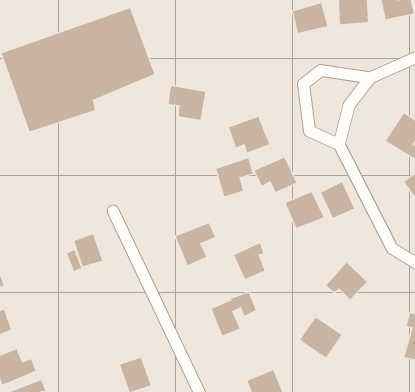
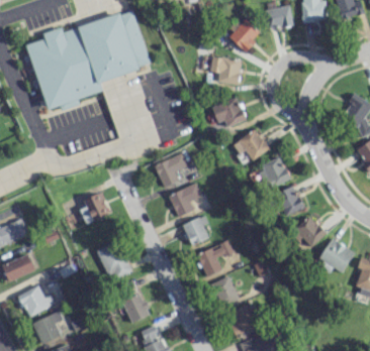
building: none -> [228,19,261,50]
building: [168,86,206,120] -> [209,56,241,85]
building: [215,158,254,197] -> [155,154,186,187]
building: [320,182,355,219] -> [275,186,303,216]
building: [233,242,265,280] -> [182,215,208,245]
building: none -> [97,241,129,279]
building: [299,316,342,358] -> [318,238,354,272]
building: none -> [210,275,239,307]

